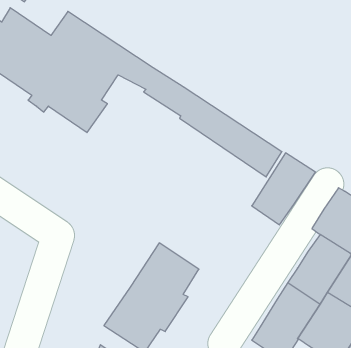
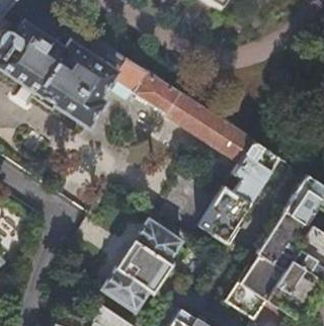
building: none -> [200,187,250,242]

